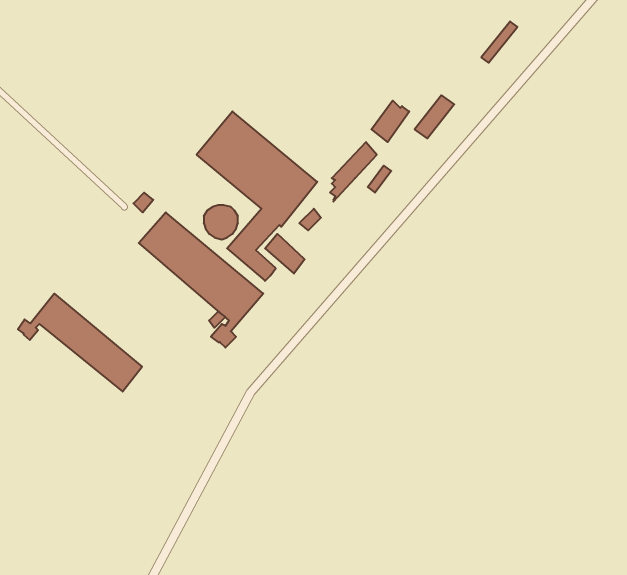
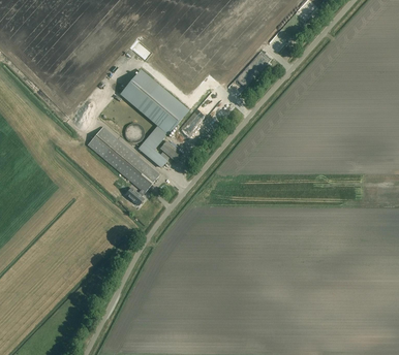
building: [18,294,142,392] -> none

